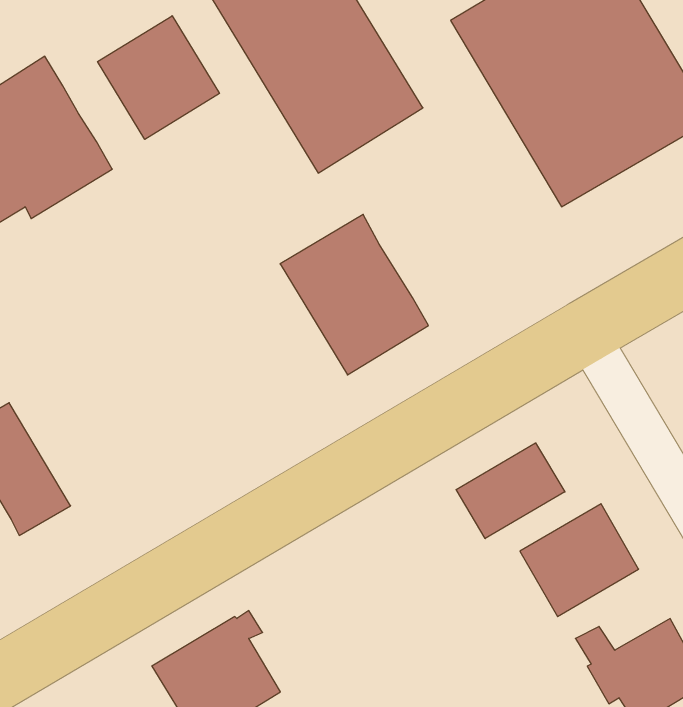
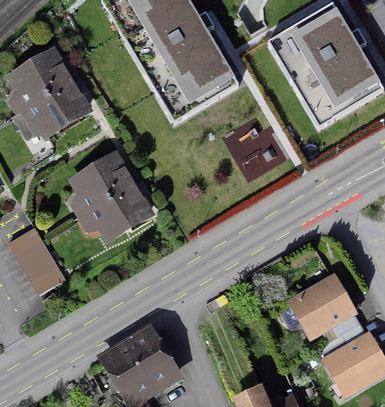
building: [98,16,219,139] -> none
building: [280,214,428,375] -> [73,158,148,239]
building: [456,443,565,539] -> none

